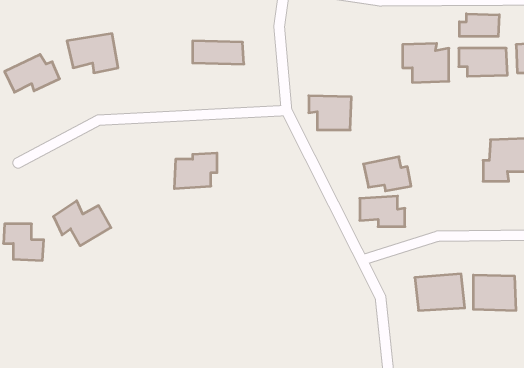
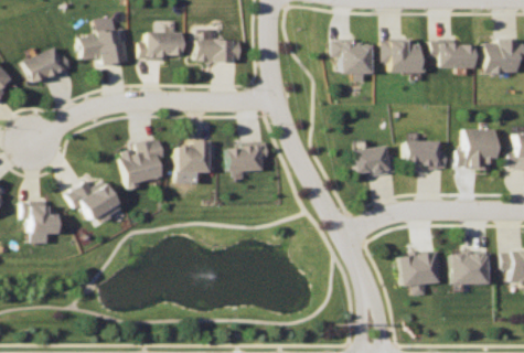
building: [459,14,499,36] -> none
building: none -> [140,32,183,56]
building: [309,96,351,130] -> [331,41,370,72]
building: none -> [120,140,164,185]
building: none -> [225,145,269,169]
building: [360,196,405,227] -> [406,139,447,167]

